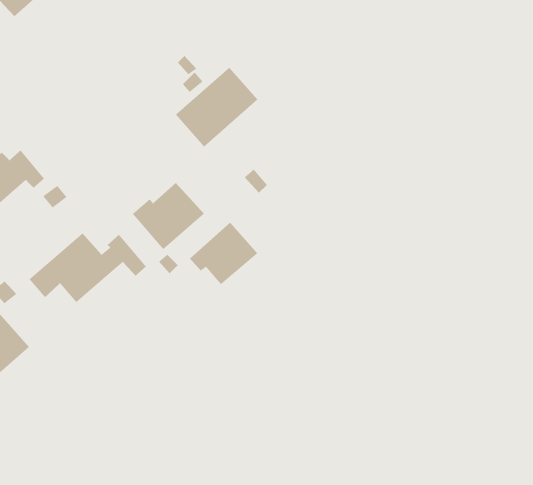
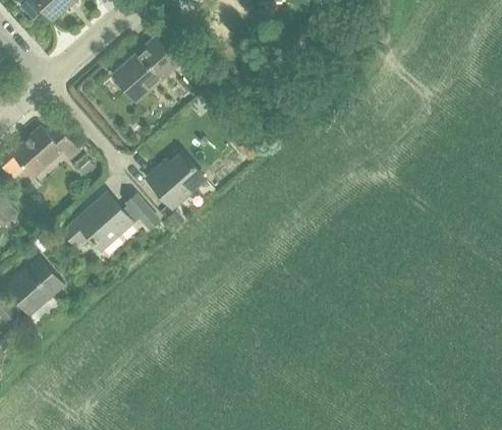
building: [175,67,258,147] -> [111,37,178,102]
building: [189,222,258,285] -> none

